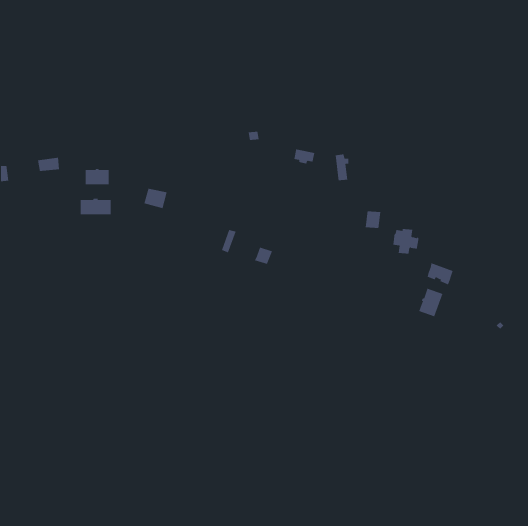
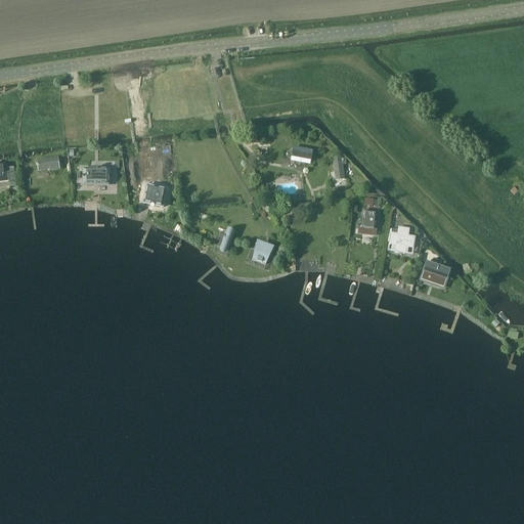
building: [80,197,111,215] -> none
building: [419,288,443,317] -> none

